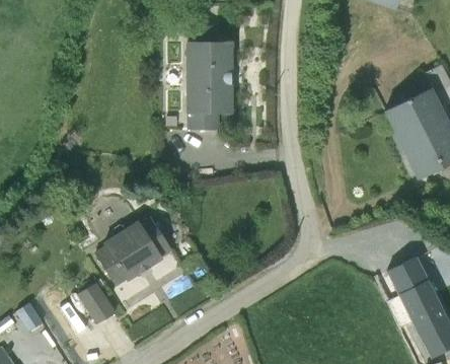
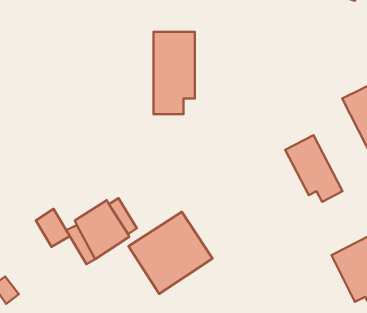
building: none -> [285,135,342,202]
building: none -> [129,212,213,294]
building: [81,286,117,325] -> [36,209,70,247]

